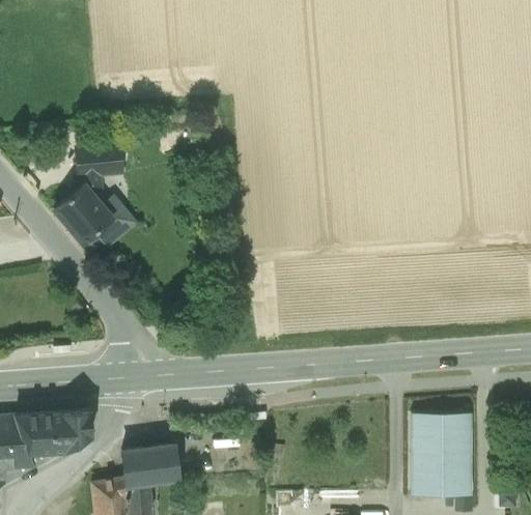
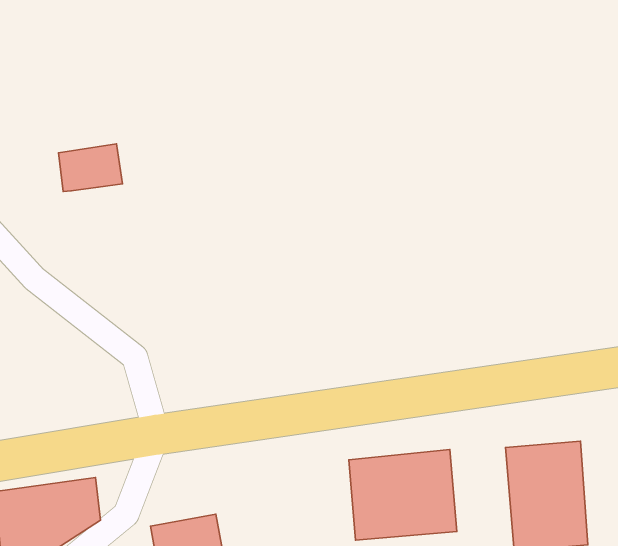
building: [53,178,138,252] -> none
building: none -> [349,450,457,540]

